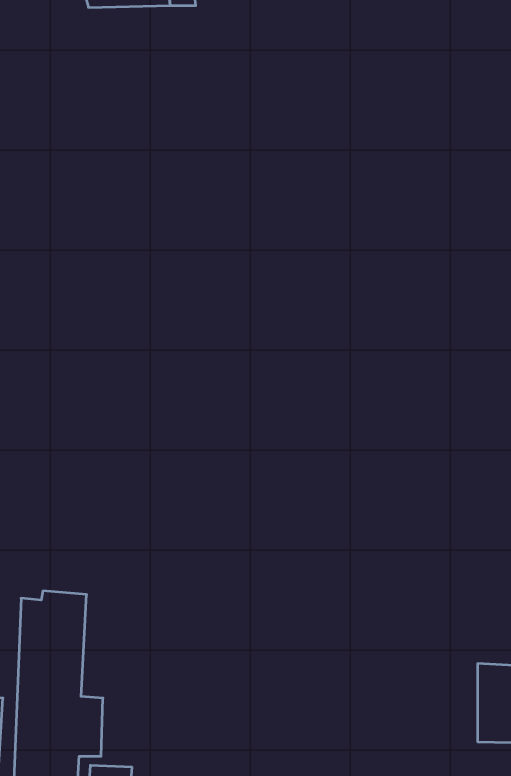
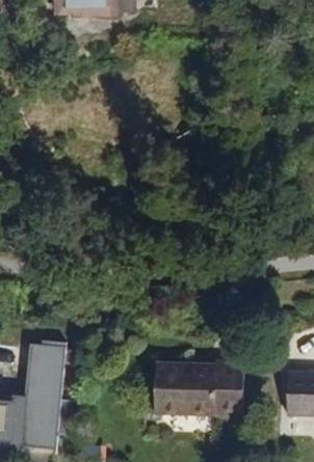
building: none -> [159,356,224,408]

